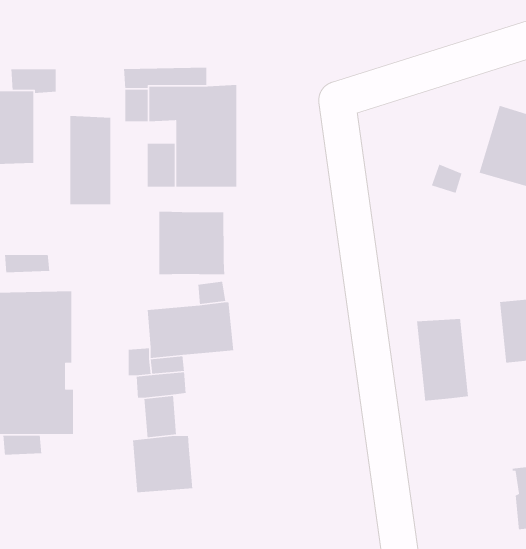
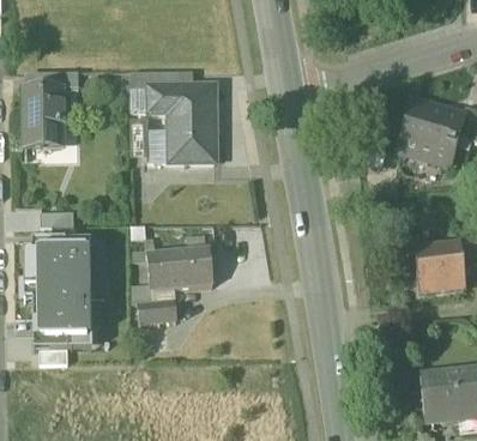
building: [69,115,111,205] -> none
building: [159,211,225,275] -> none
building: [416,318,469,402] -> none
building: [132,435,193,493] -> none

